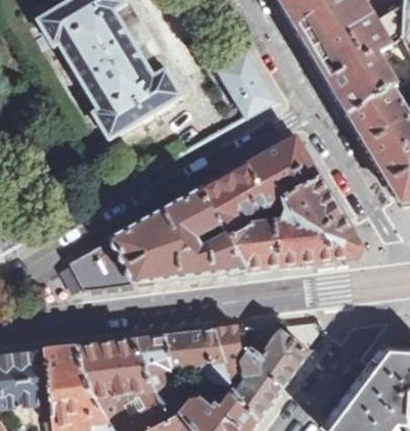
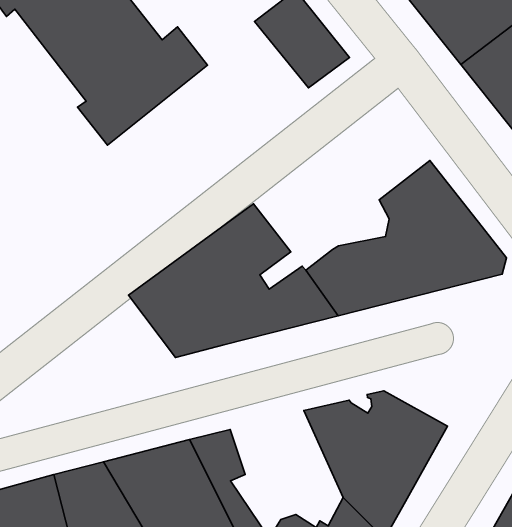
building: [199,135,319,236] -> none
building: [67,237,135,288] -> none
building: [165,328,233,388] -> none

